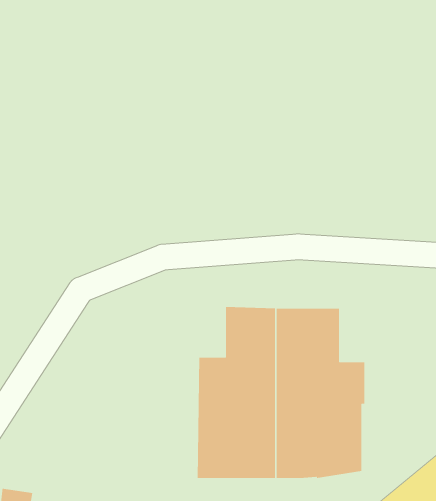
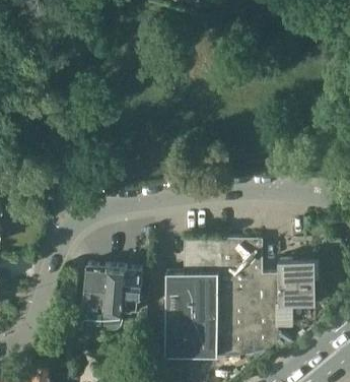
building: none -> [279,261,317,307]
building: none -> [84,267,143,331]

